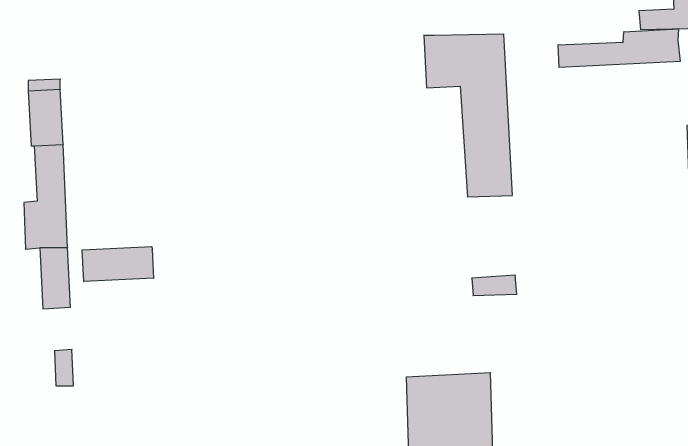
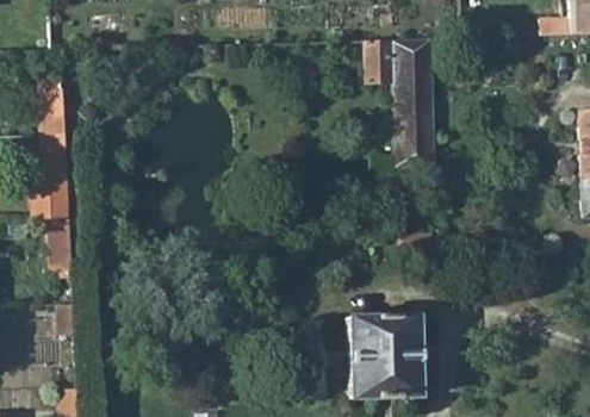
building: [558,29,680,67] -> none
building: [82,247,154,282] -> none

